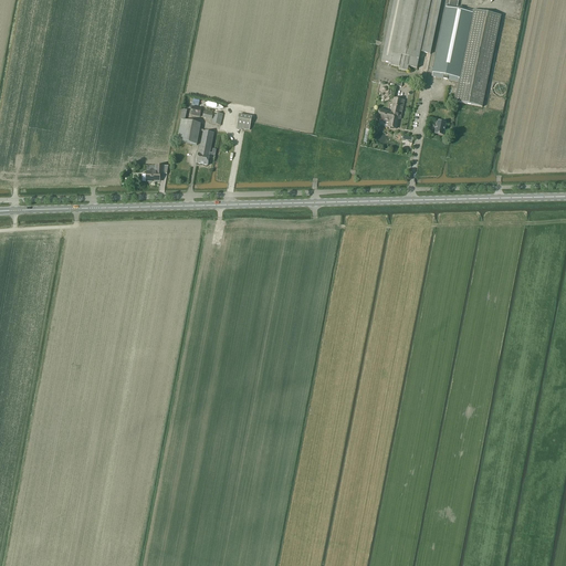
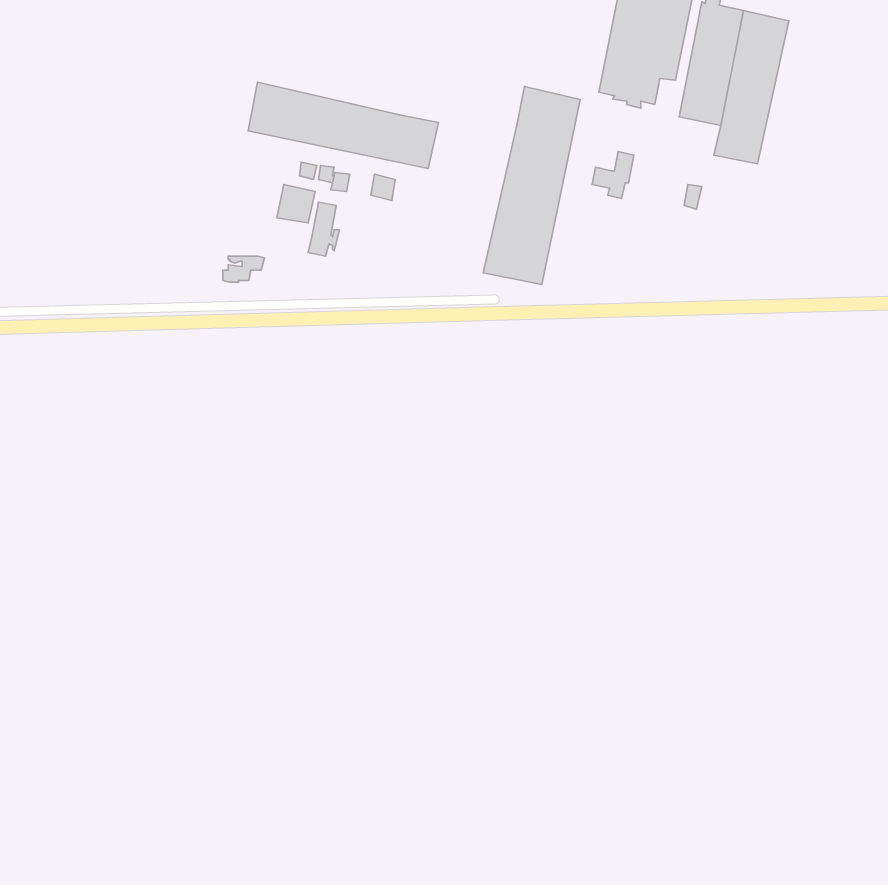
building: none -> [248,82,439,169]
building: none -> [483,87,580,284]

